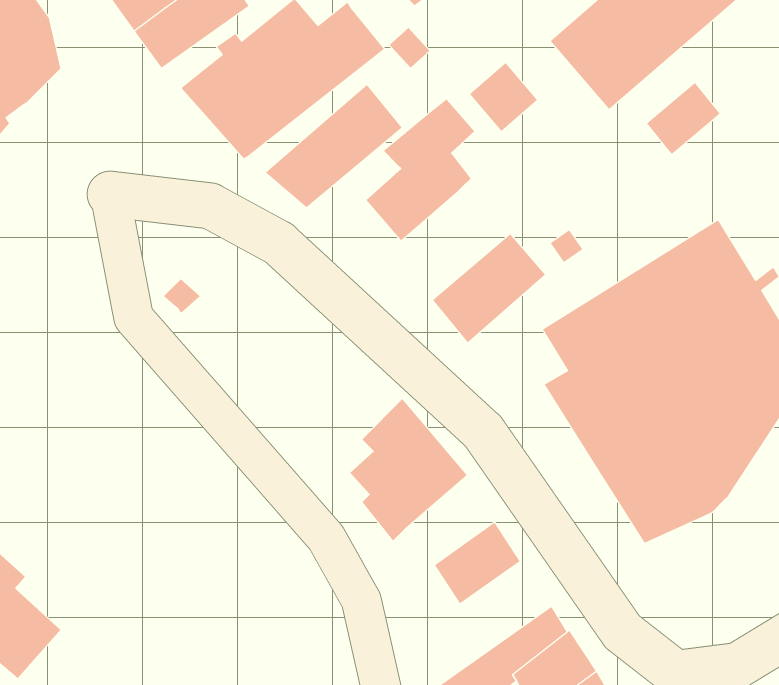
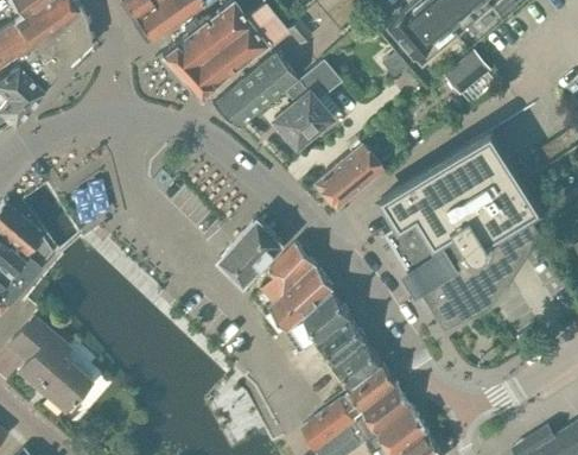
building: [469,62,538,132] -> none
building: none -> [218,217,282,282]
building: none -> [290,290,351,350]
building: none -> [330,341,382,390]

